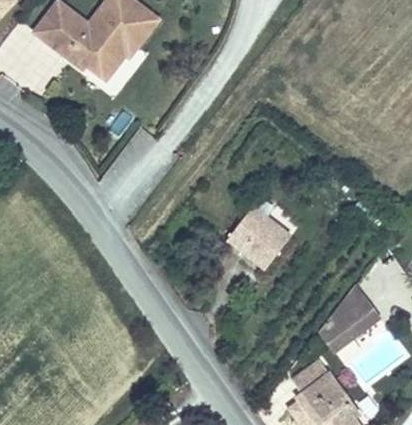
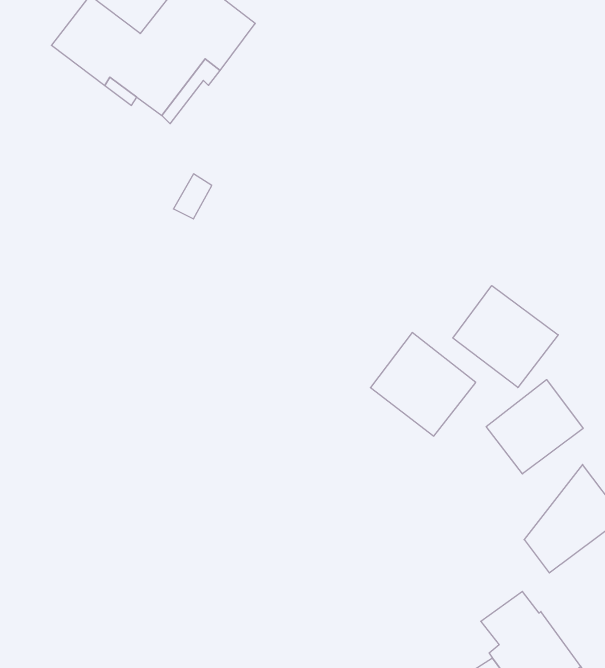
building: none -> [453,286,558,388]
building: none -> [486,380,583,474]

